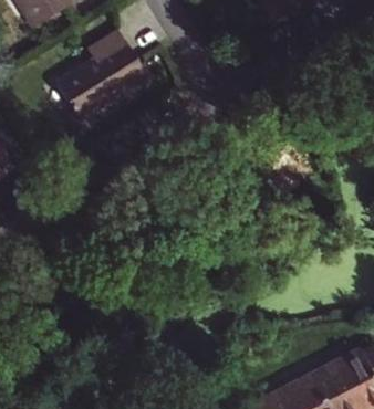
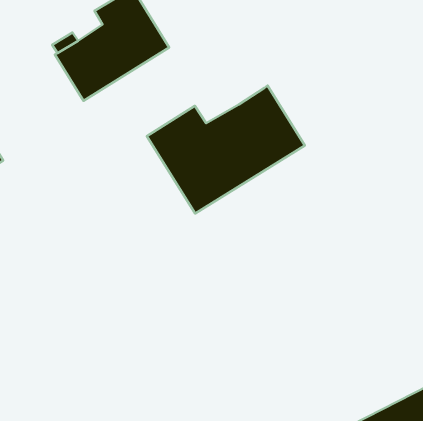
building: none -> [147,86,305,214]

